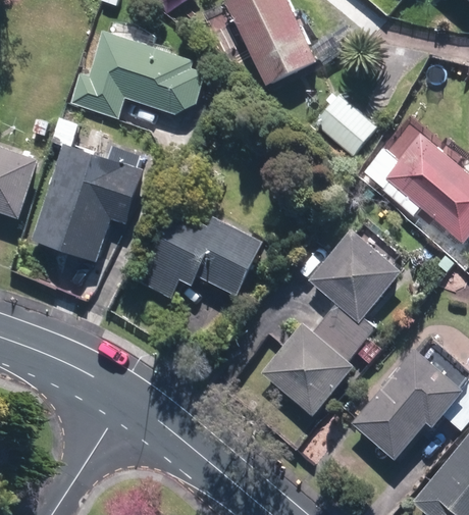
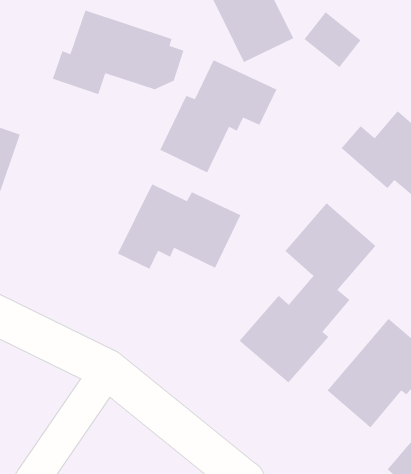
building: none -> [159,59,278,174]
building: [317,98,376,156] -> [303,11,361,68]
building: [31,144,144,263] -> none

